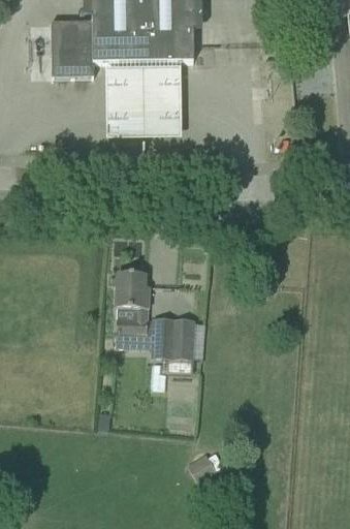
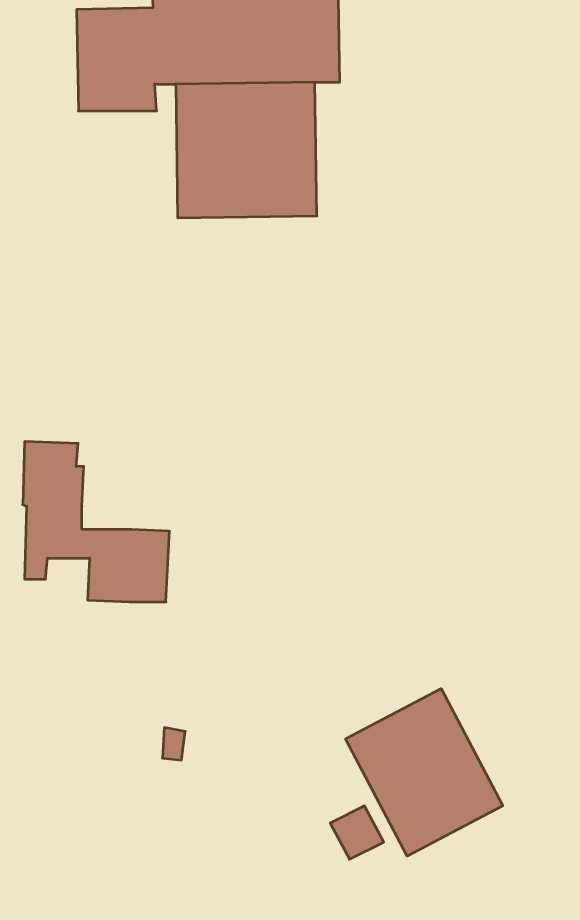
building: [116,272,195,359] -> [23,442,170,602]
building: none -> [346,689,503,856]

